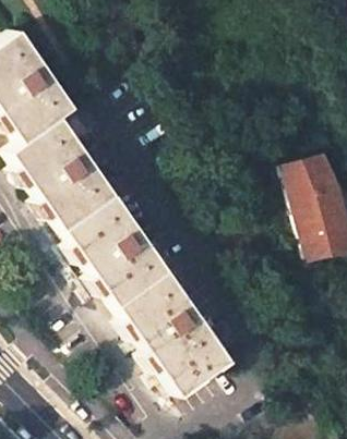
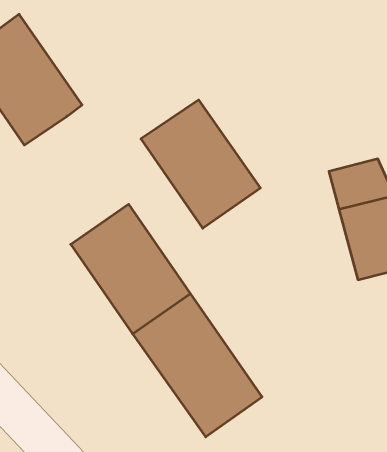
building: [10,115,113,227] -> [141,100,260,228]

